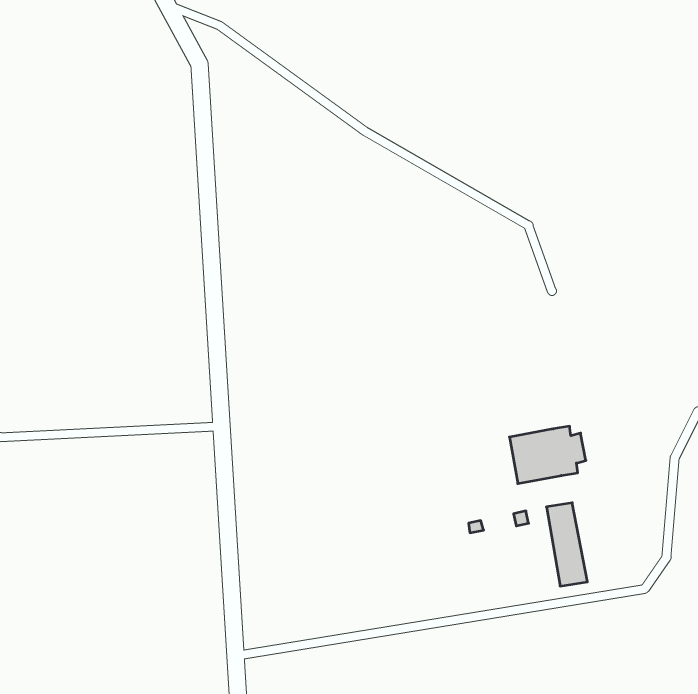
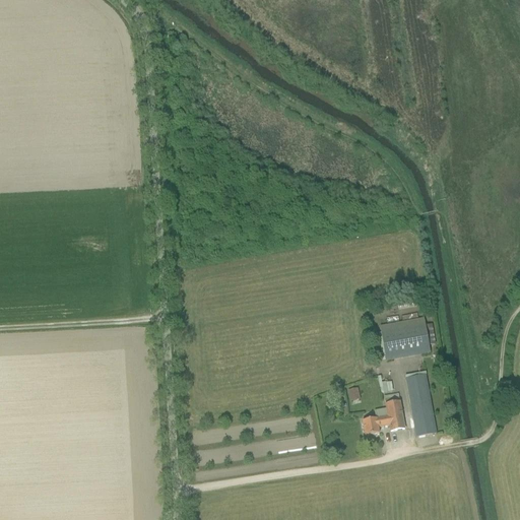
building: none -> [363,395,404,435]

